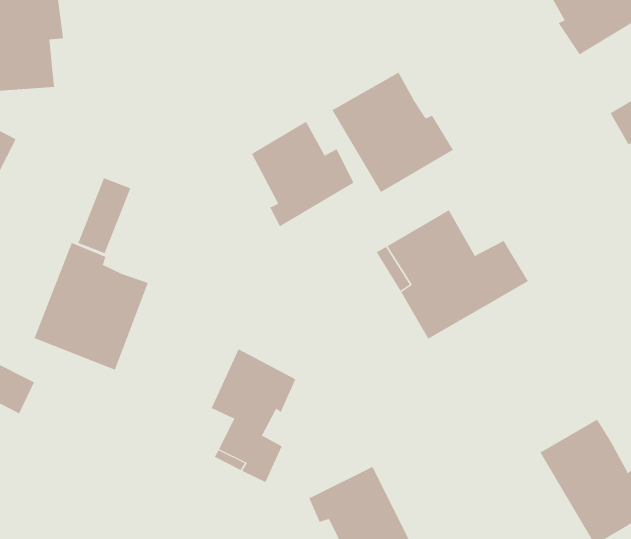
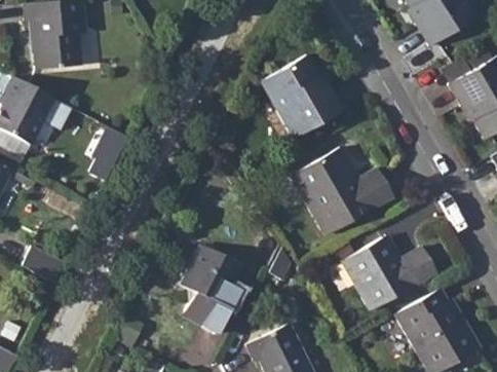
building: [251,121,354,227] -> none
building: [34,242,149,371] -> none
building: none -> [344,235,437,308]

